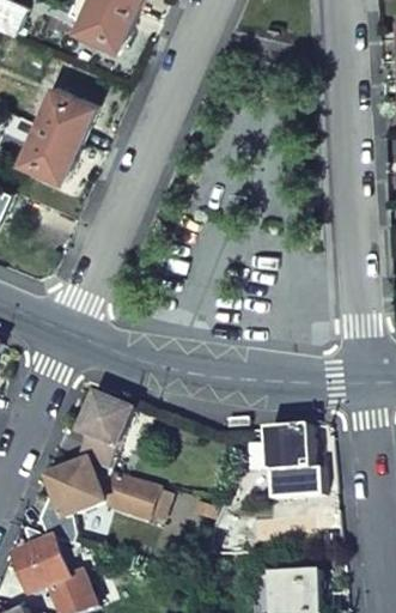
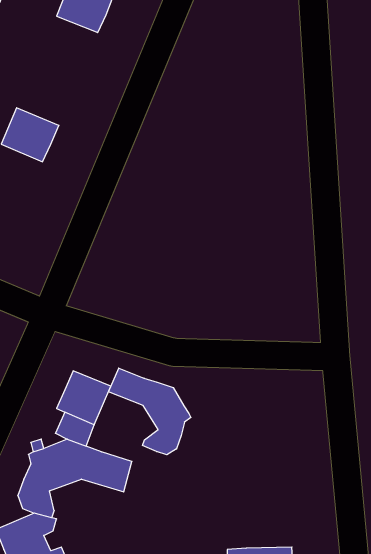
building: [35,87,93,142] -> none
building: none -> [108,368,191,455]
building: [266,426,319,486] -> none

